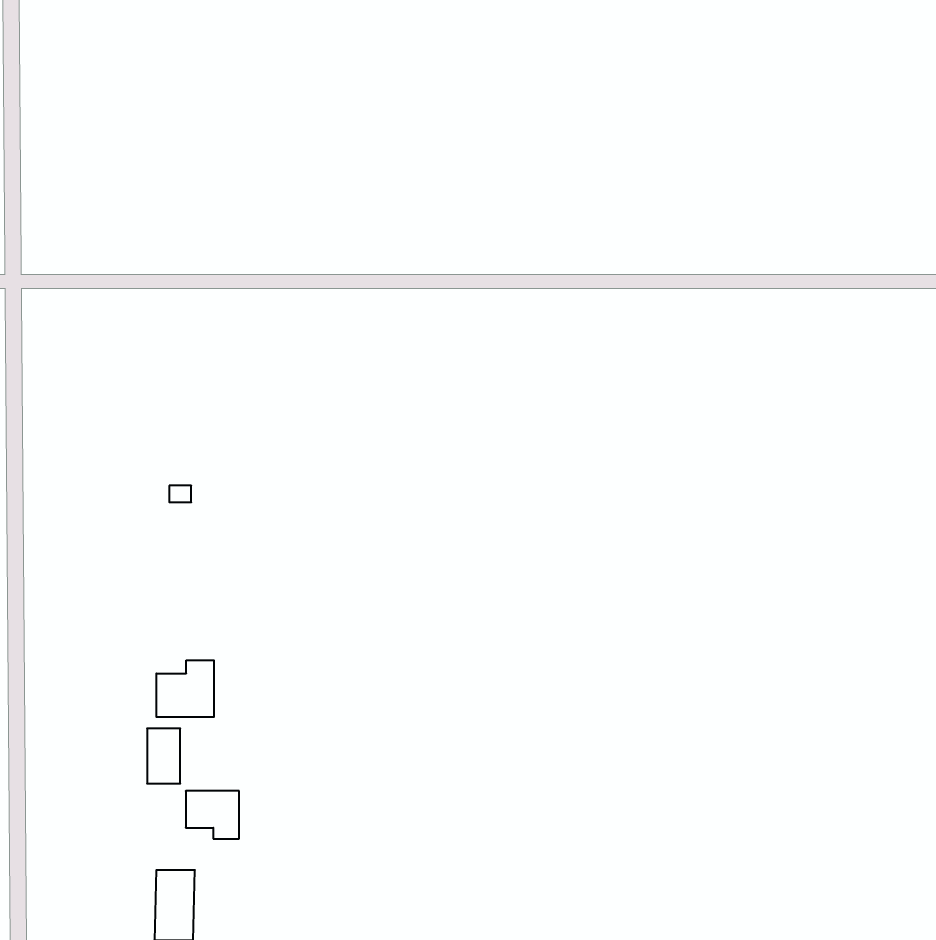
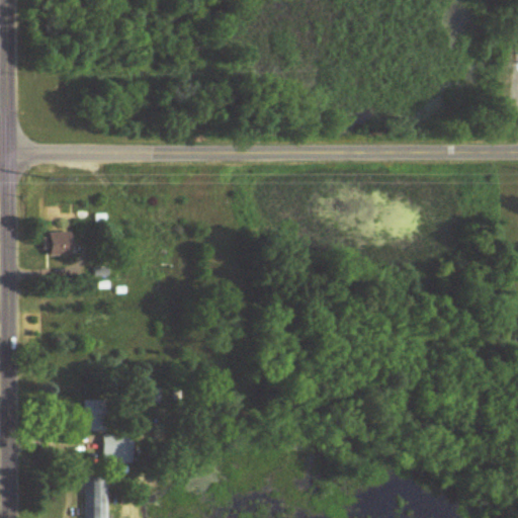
building: none -> [48,233,70,255]
building: [156,660,214,717] -> none

